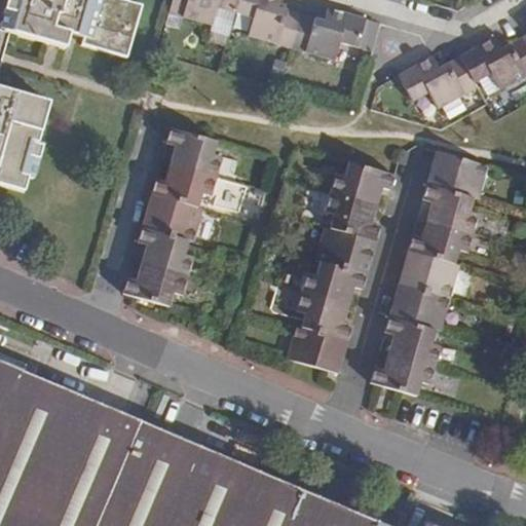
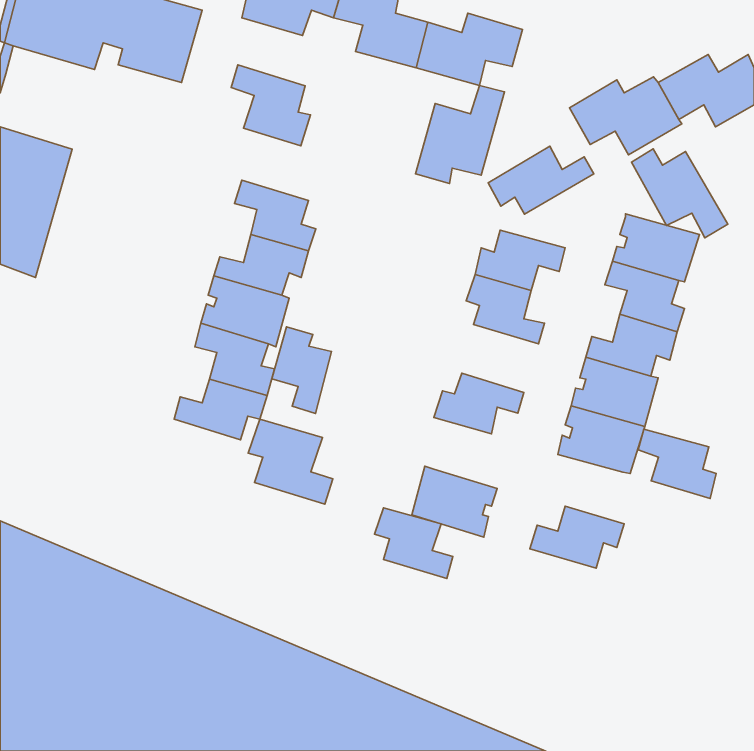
building: none -> [231,65,310,146]
building: none -> [416,86,504,183]
building: none -> [488,146,594,214]
building: none -> [632,149,728,238]
building: [314,225,375,273] -> none
building: none -> [272,327,332,414]
building: [296,291,350,340] -> [375,508,453,579]
building: none -> [248,419,333,504]
building: [384,316,439,365] -> [638,429,716,499]

